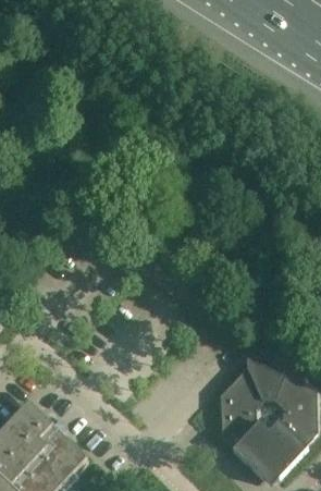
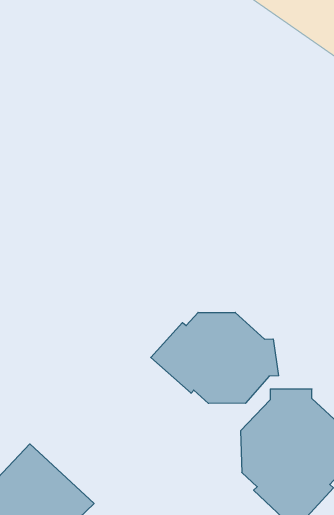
building: none -> [151,312,279,403]

